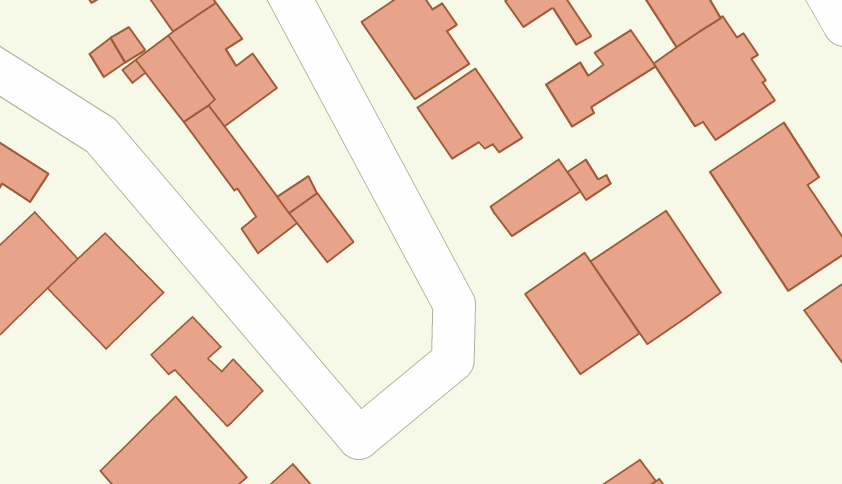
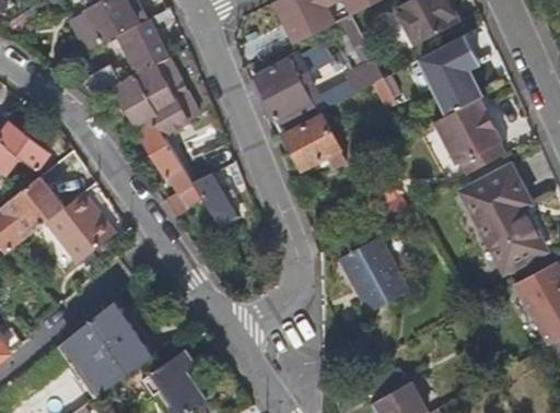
building: [546,30,655,127] -> none
building: [491,159,580,236] -> none
building: [590,211,721,344] -> none
building: [151,317,263,426] -> none

